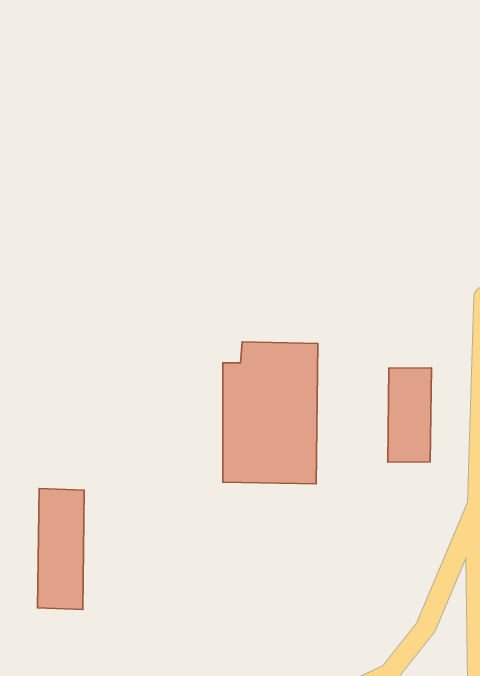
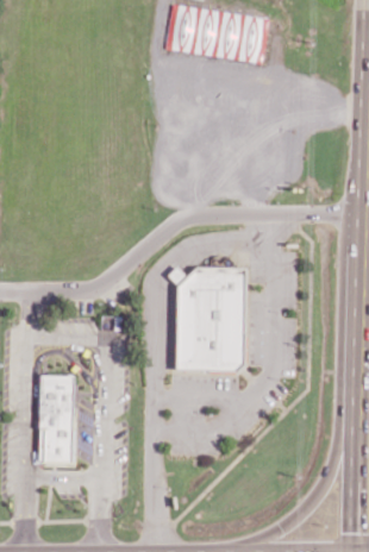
building: [388,368,431,462] -> none

